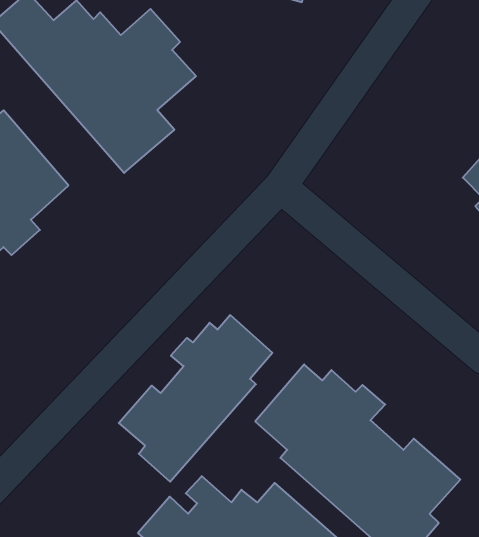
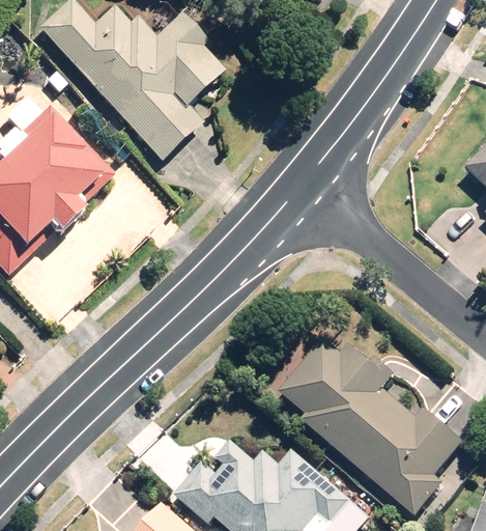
building: [119,315,272,482] -> none

